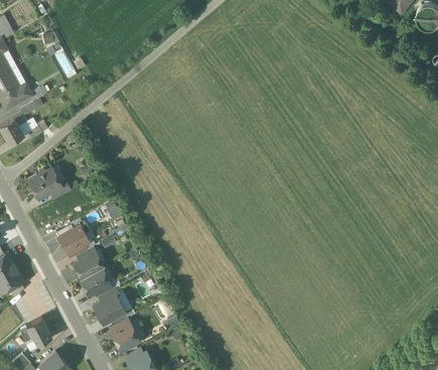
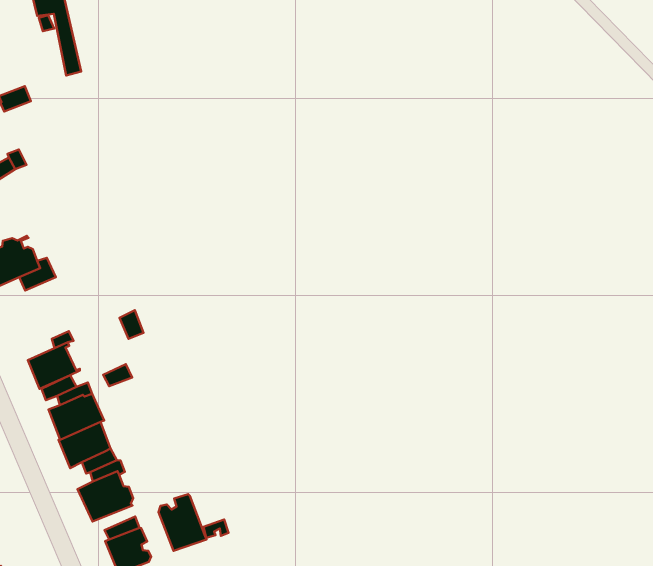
building: none -> [159,494,207,551]

